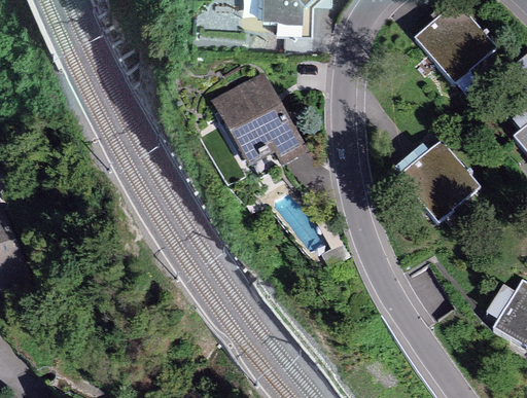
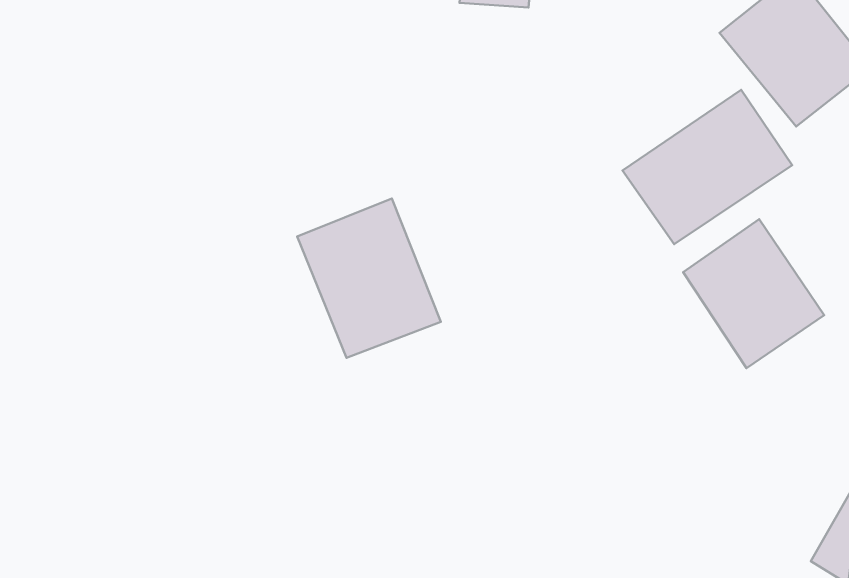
building: none -> [623,90,792,244]
building: [217,76,304,169] -> [297,198,441,358]

